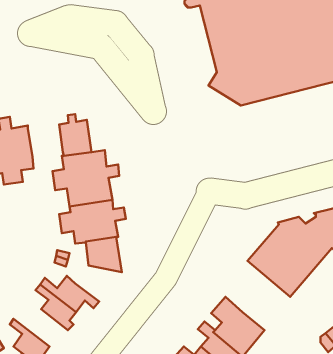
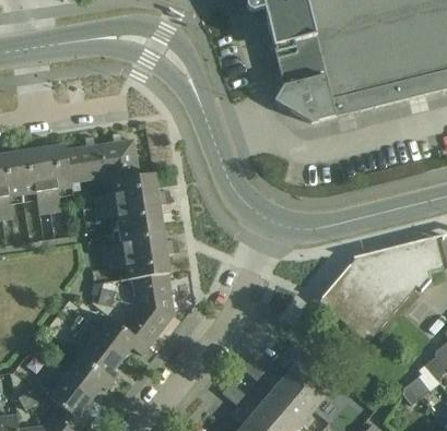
building: none -> [66,135,106,181]
building: none -> [120,306,174,347]
building: none -> [49,356,111,398]

